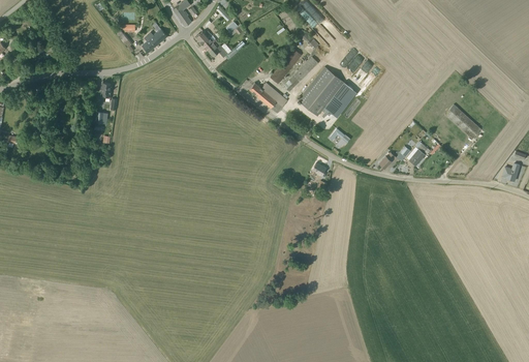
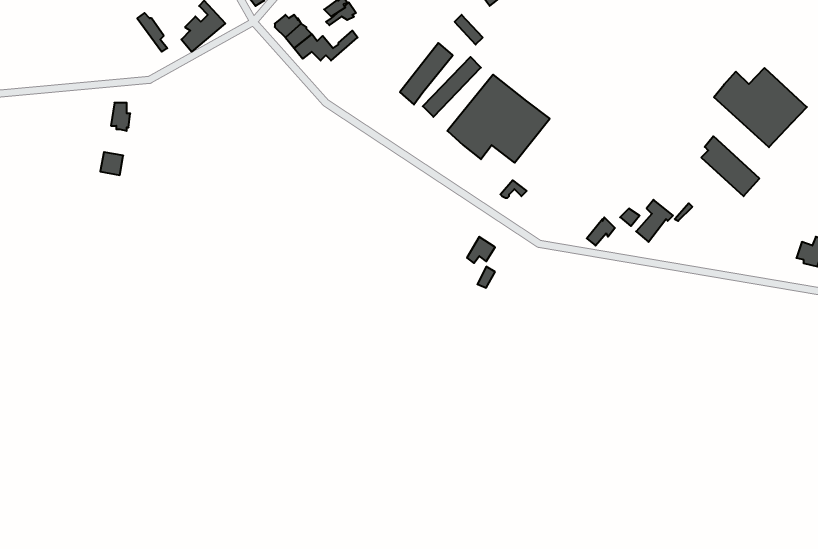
building: none -> [714,68,807,147]
building: [249,83,287,113] -> none

